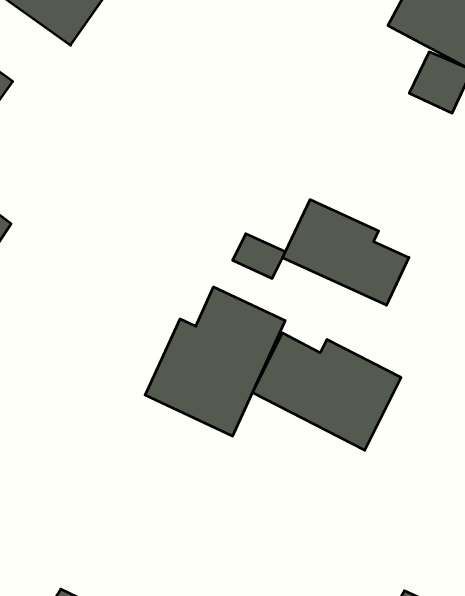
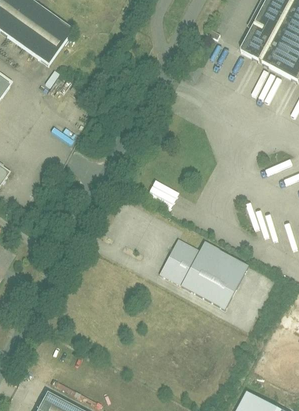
building: [283,200,409,305] -> none
building: [145,287,285,436] -> none

